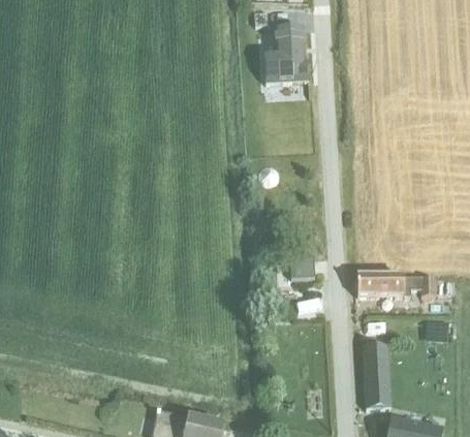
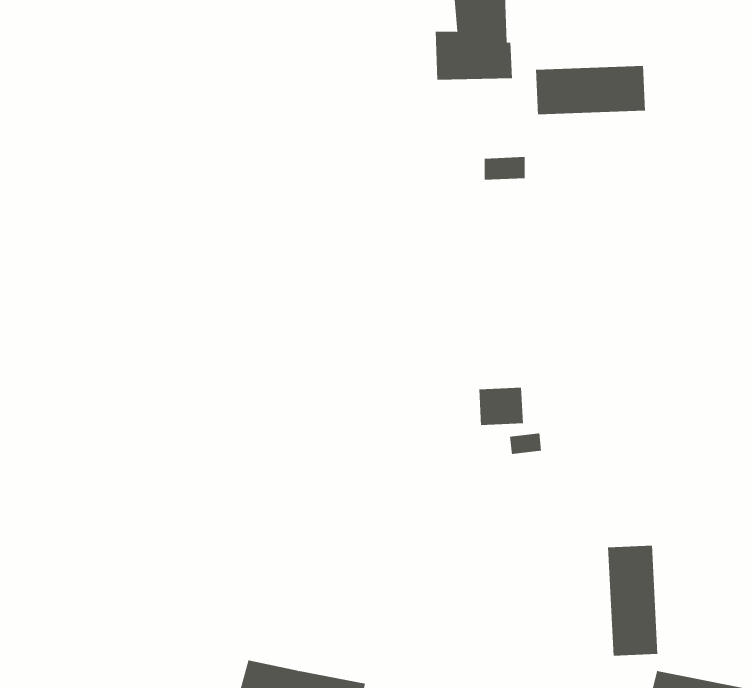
building: none -> [536,65,645,115]
building: [356,273,436,295] -> none

